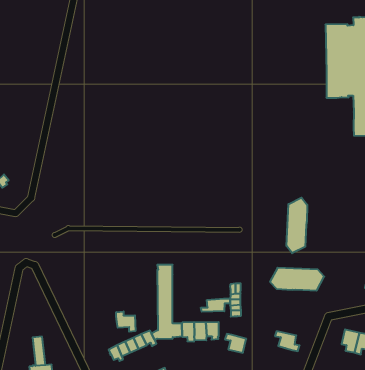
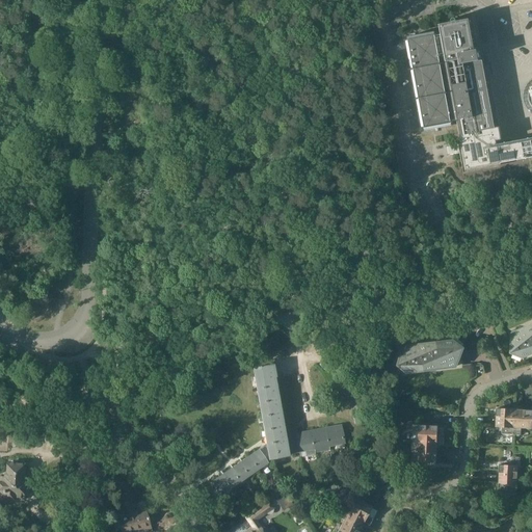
building: [286,198,307,253] -> none
building: [201,299,230,312] -> none
building: [116,311,135,332] -> none
building: [225,334,246,353] -> [411,442,437,461]

